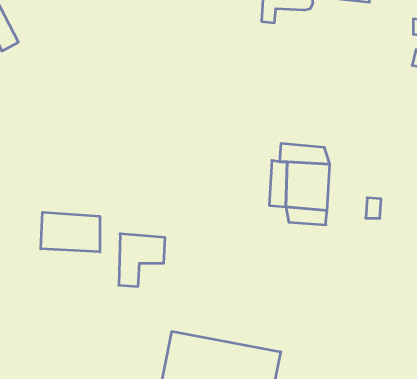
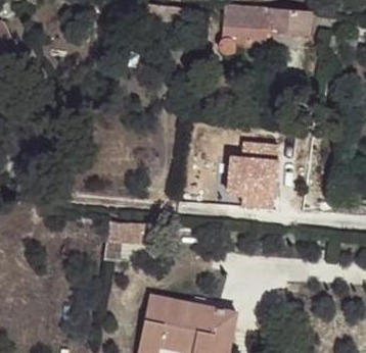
building: [41,212,100,252] -> none

